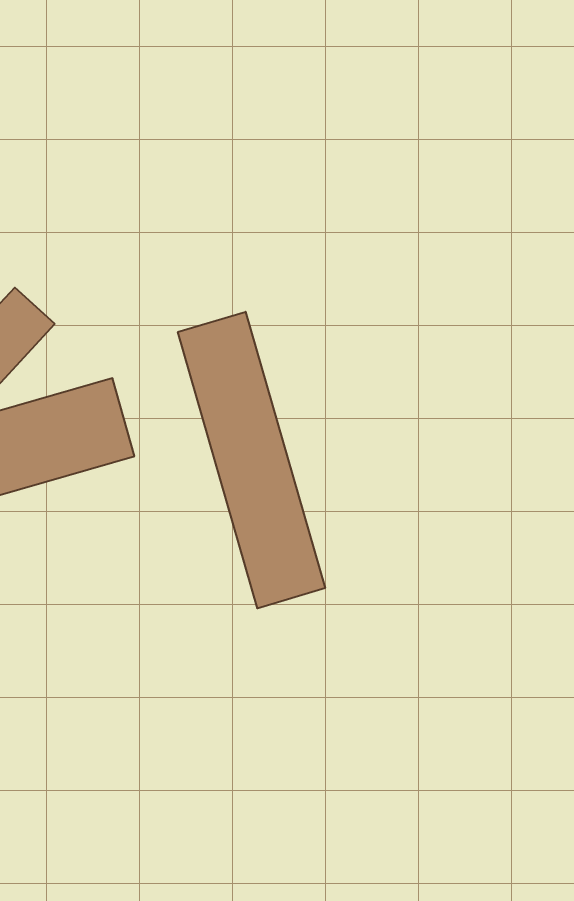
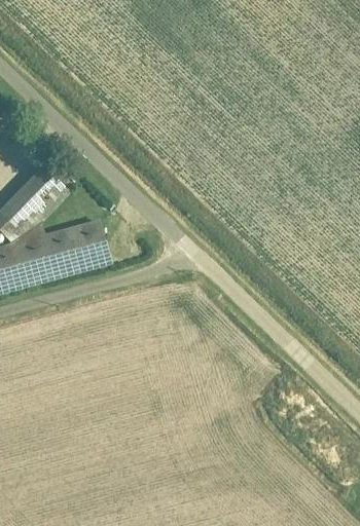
building: [178,312,325,608] -> none

